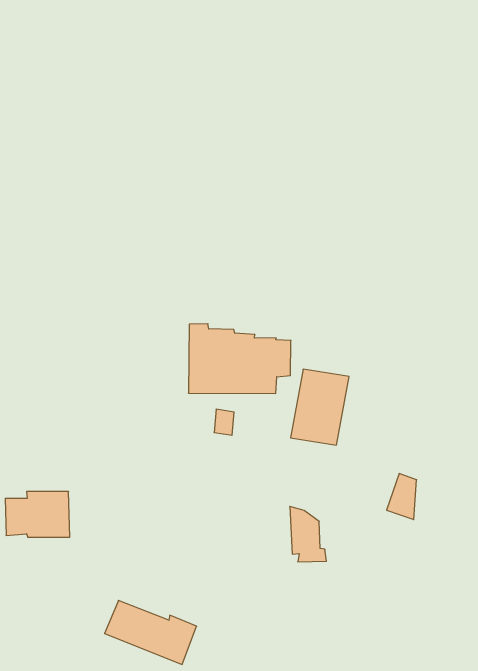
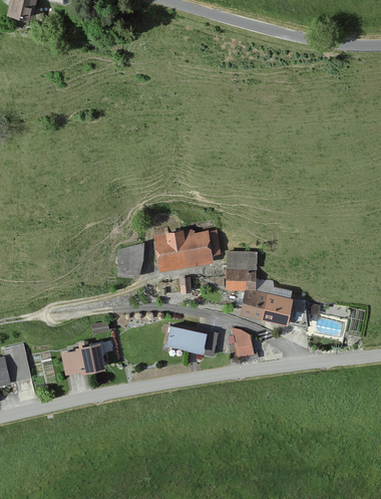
building: none -> [115,242,142,276]
building: none -> [240,288,291,323]
building: [105,600,197,664] -> [164,324,219,356]

